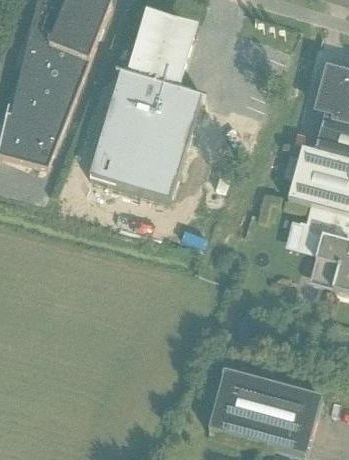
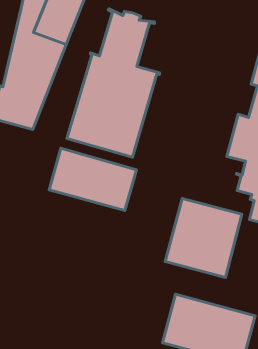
building: none -> [49,148,136,211]
building: none -> [165,199,242,278]

